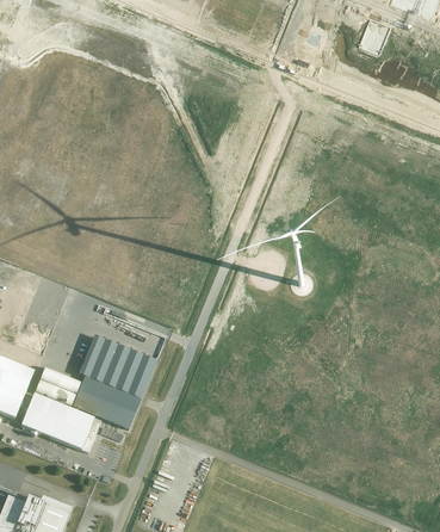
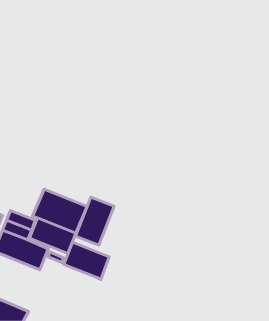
building: none -> [76,197,114,245]
building: none -> [64,242,109,279]

